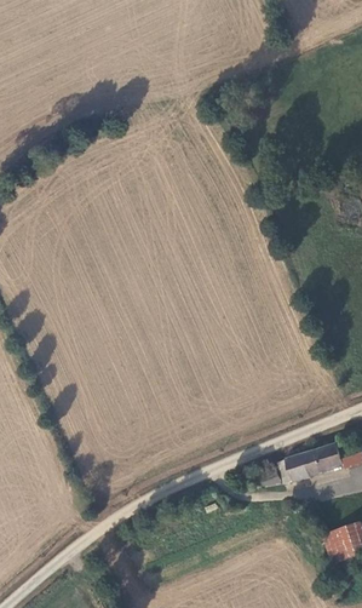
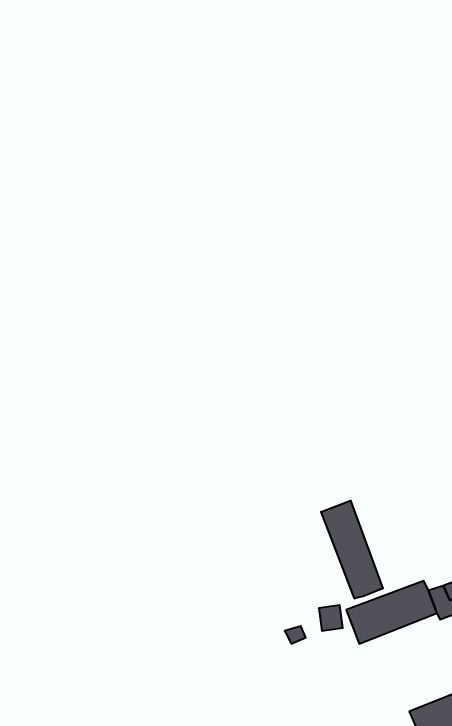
building: none -> [321,501,383,599]

